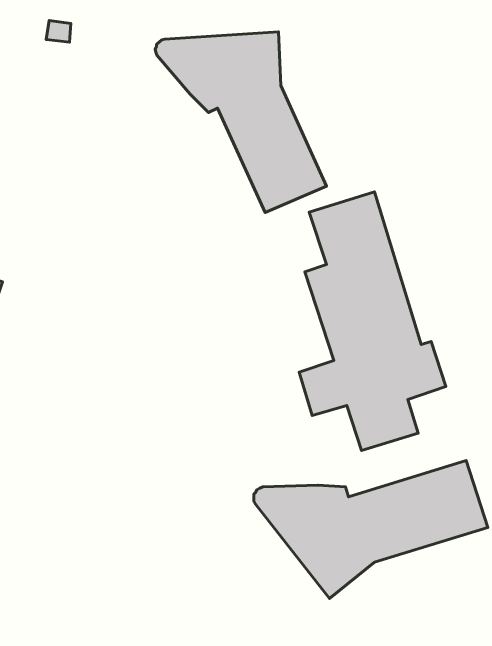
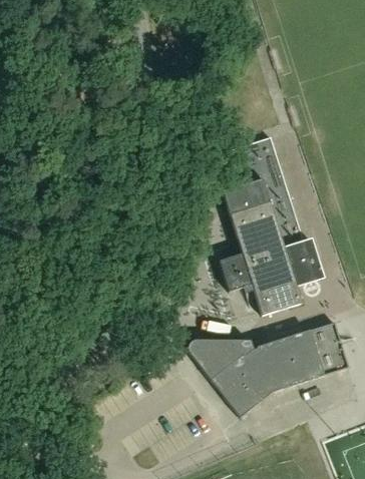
building: [155,32,327,212] -> none

